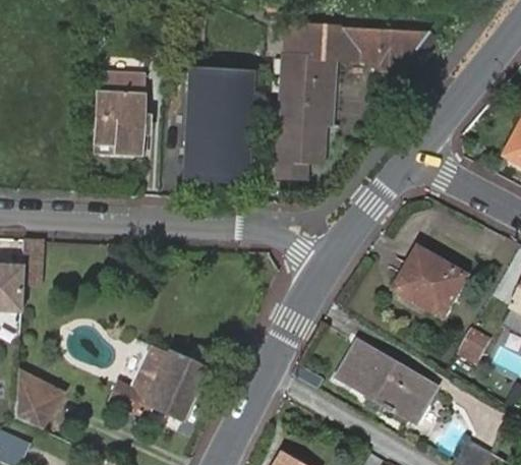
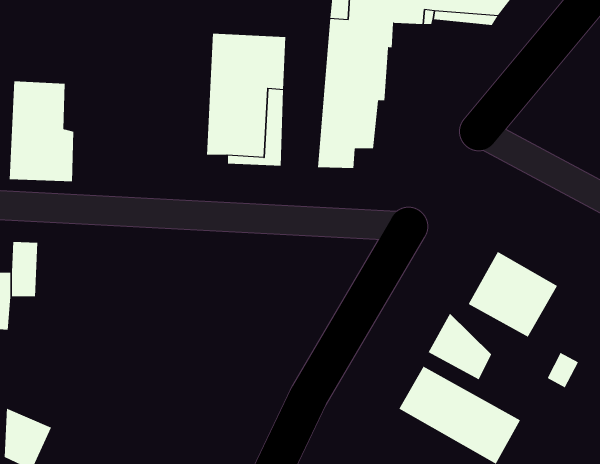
building: [94,72,148,156] -> [9,81,74,182]
building: none -> [428,313,492,380]
building: [111,344,201,417] -> none

